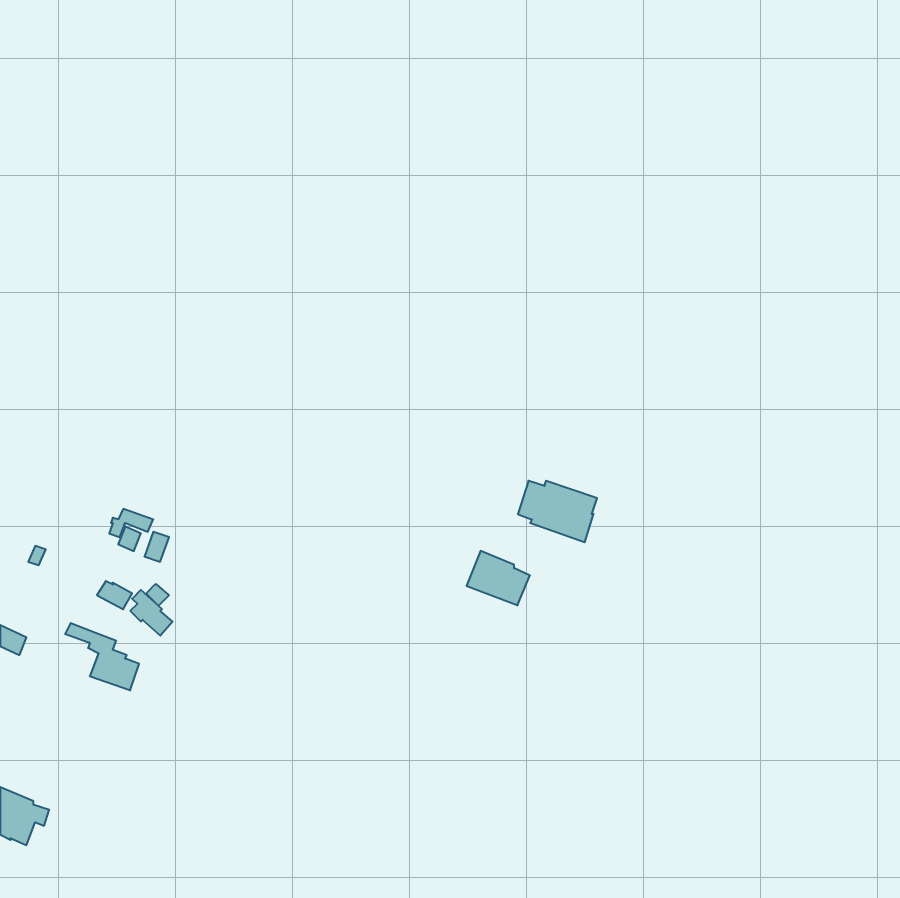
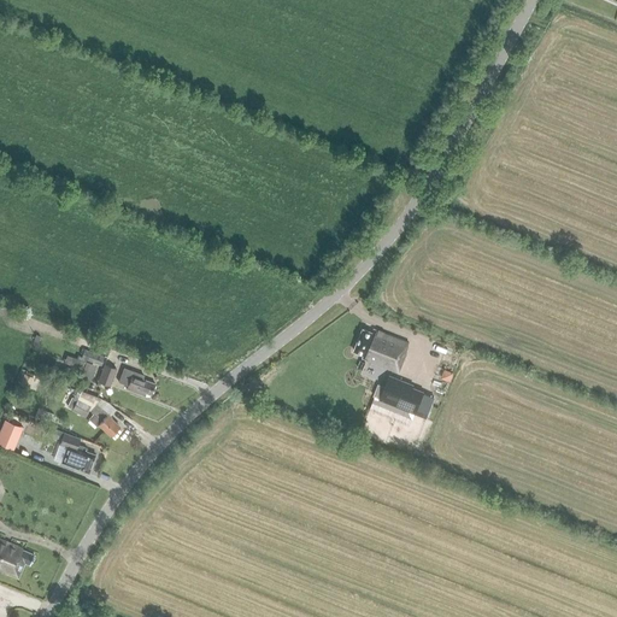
building: none -> [119,366,154,395]
building: [467,551,530,605] -> [380,375,423,412]

